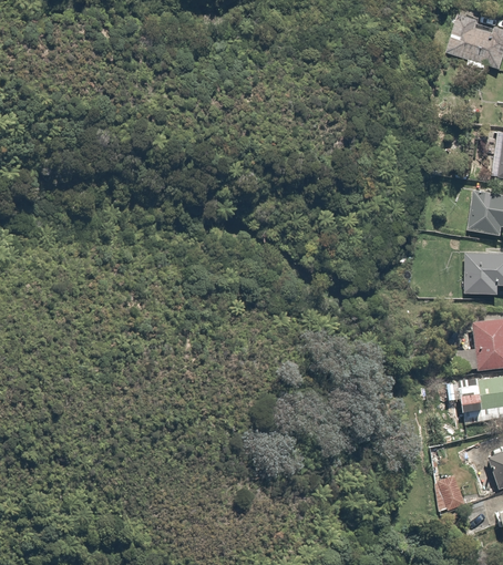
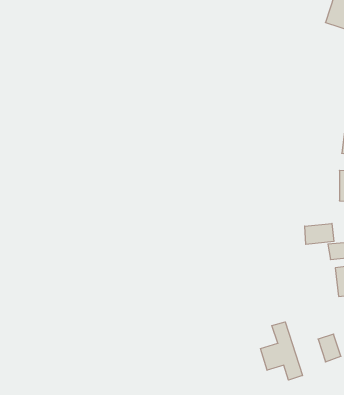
building: none -> [305,223,334,244]
building: none -> [261,322,302,380]

